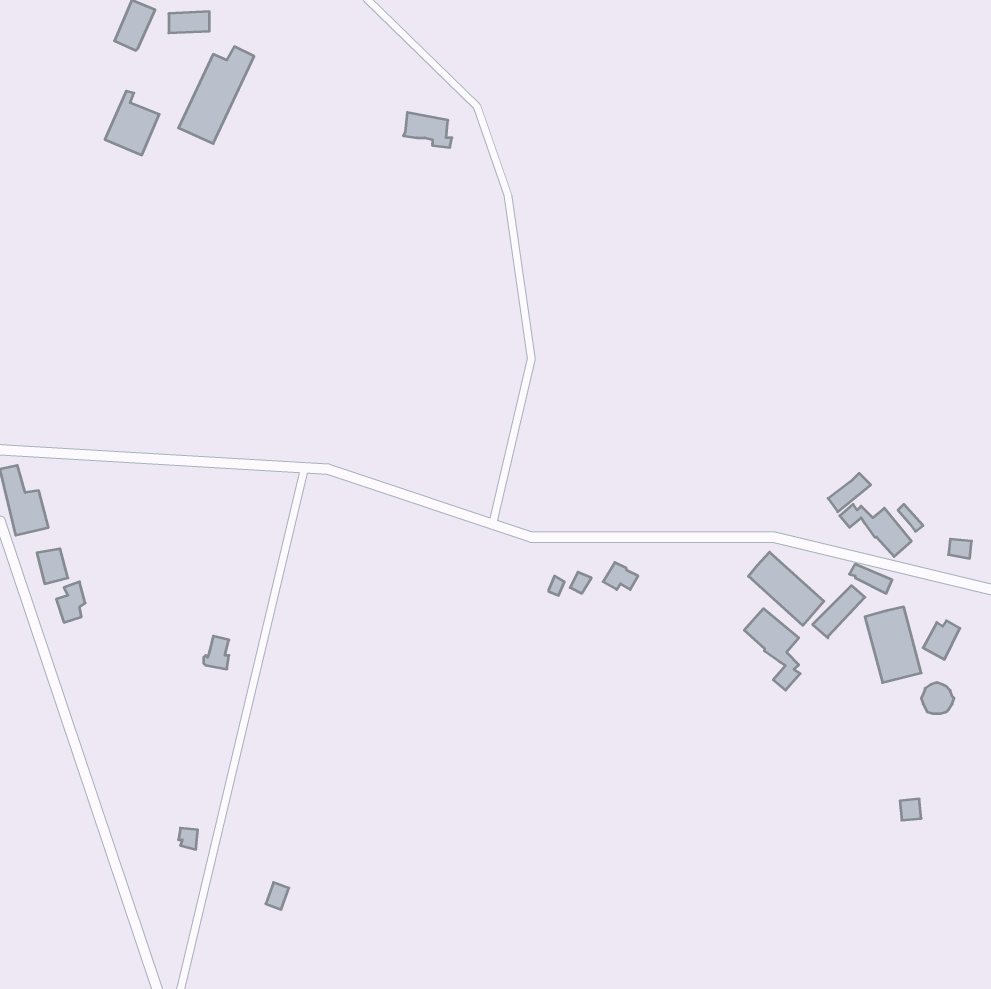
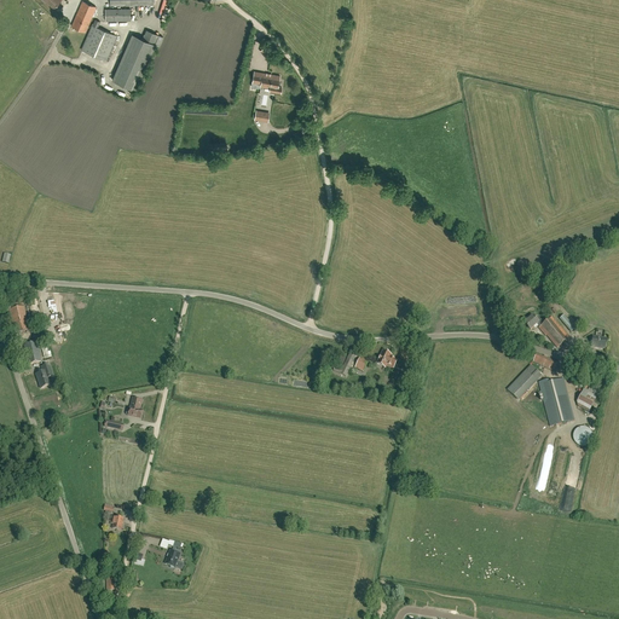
building: [105,91,159,155] -> [82,19,116,59]
building: [748,552,824,625] -> none
building: [744,609,800,690] -> none

